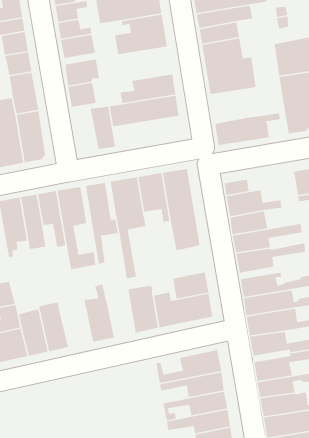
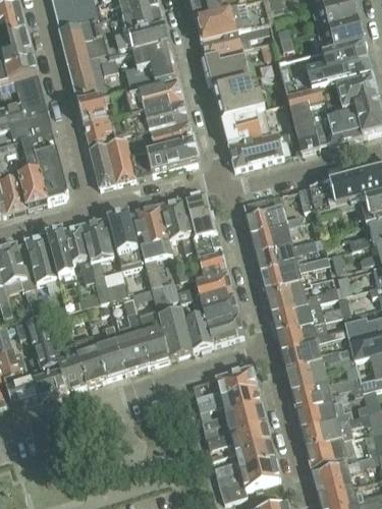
building: none -> [126,79,184,115]
building: none -> [222,108,271,146]
building: none -> [90,142,118,186]
building: none -> [130,142,199,177]
building: none -> [197,270,233,299]
building: none -> [130,295,170,362]
building: none -> [97,323,129,376]

